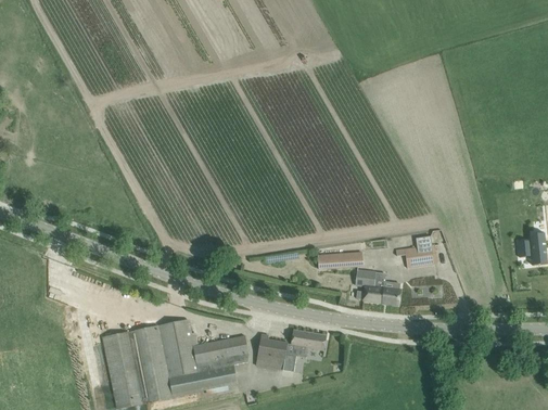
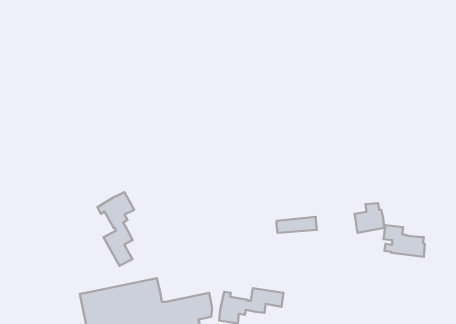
building: none -> [97,192,134,266]
building: [355,269,400,304] -> [383,225,425,257]

